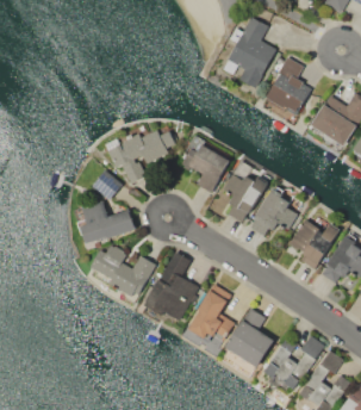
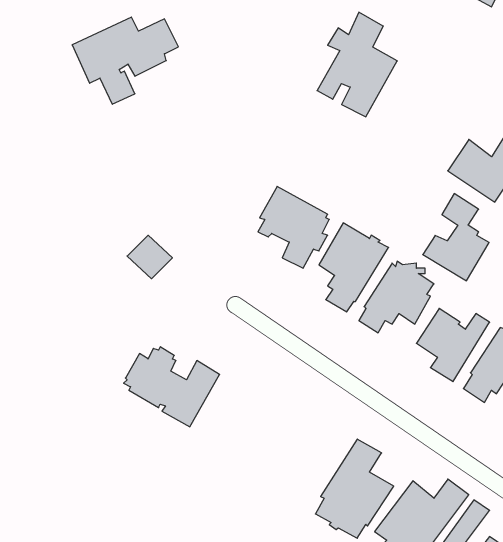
building: [266,56,311,116] -> [423,194,489,281]
building: [104,124,176,184] -> [72,17,178,104]
building: [81,200,137,244] -> none
building: [143,250,201,321] -> none
building: [188,285,235,341] -> none

